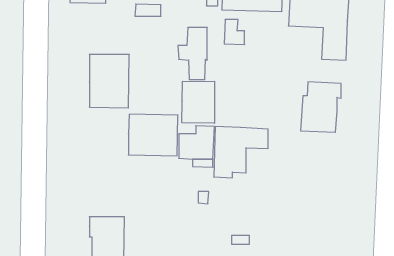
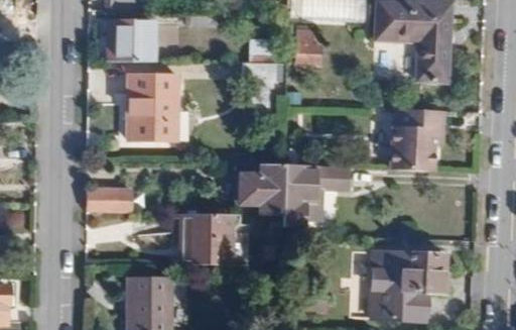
building: none -> [109,22,152,62]
building: [182,81,214,123] -> none
building: [128,114,178,156] -> [170,214,232,265]
building: none -> [87,187,132,212]
building: none -> [370,251,444,320]

